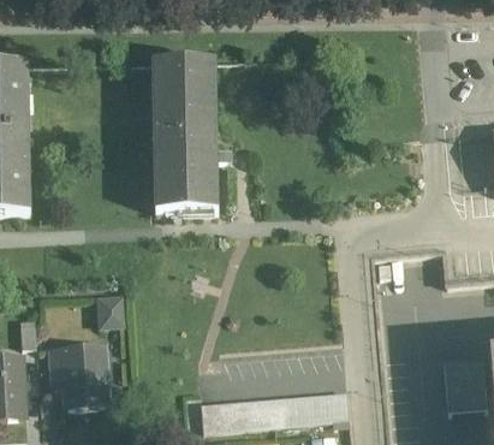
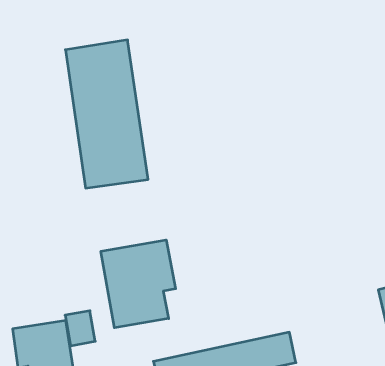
building: none -> [101,240,176,328]
building: [96,293,124,327] -> [65,311,95,346]

